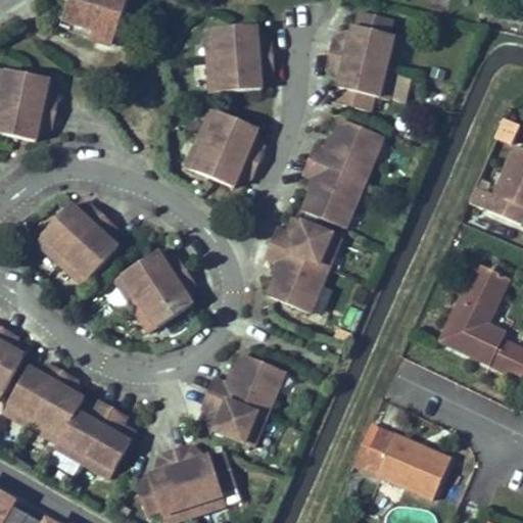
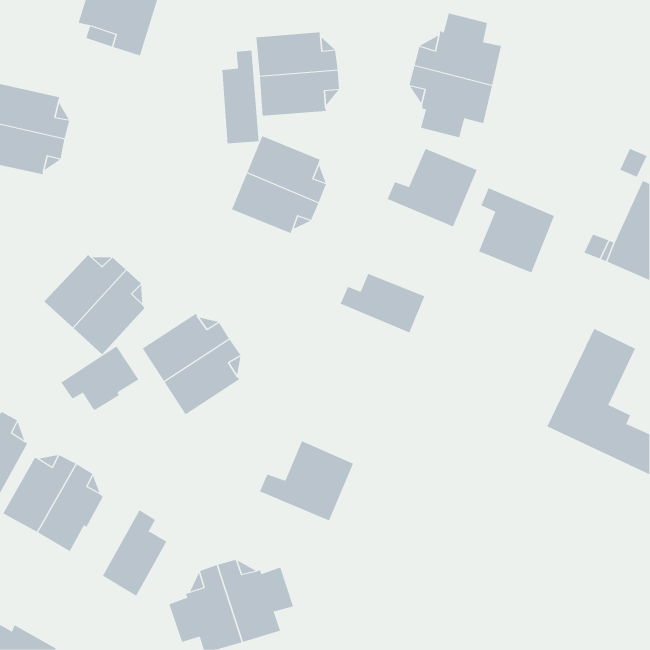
building: none -> [222,50,259,144]
building: [301,159,363,228] -> [478,188,555,273]
building: [266,243,328,313] -> none
building: none -> [61,346,139,411]
building: [201,393,264,445] -> none
building: [53,400,111,461] -> none
building: [351,423,449,500] -> none

